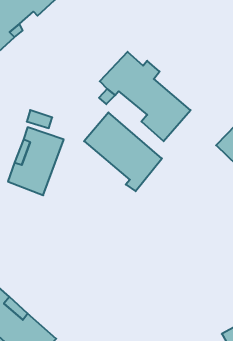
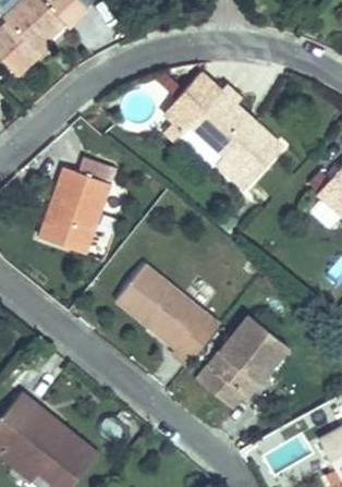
building: [84,112,162,191] -> [115,265,219,369]
building: none -> [201,314,296,406]

